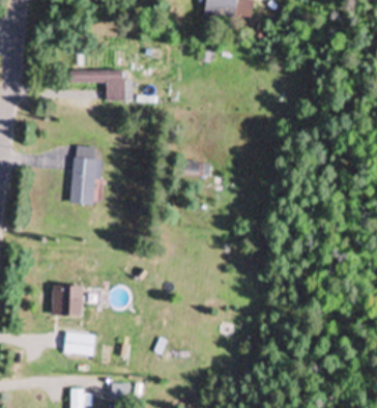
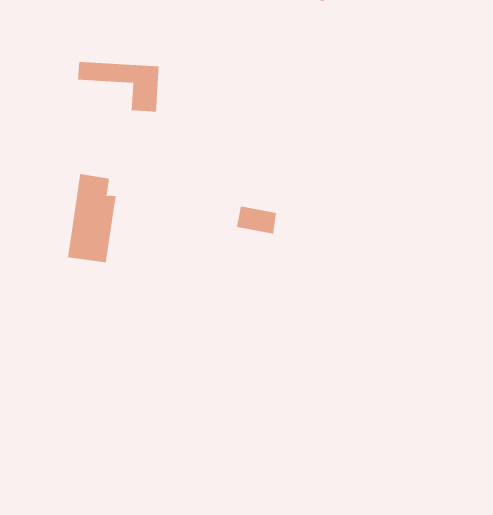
building: [53,285,82,315] -> none
building: [64,333,94,355] -> none

